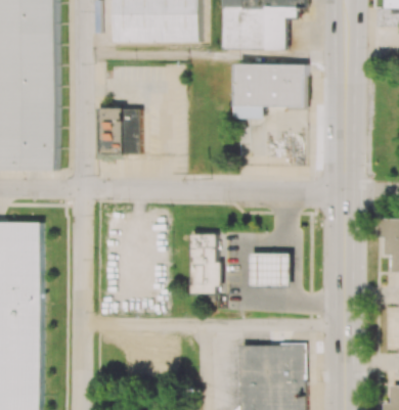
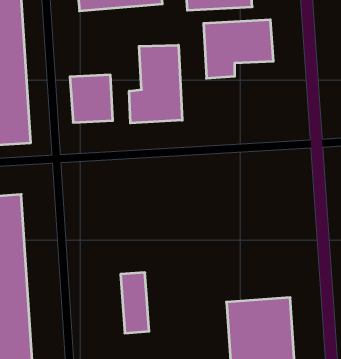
building: none -> [129,45,182,123]
building: [193,233,218,292] -> [121,273,149,333]
building: [251,253,291,285] -> none

